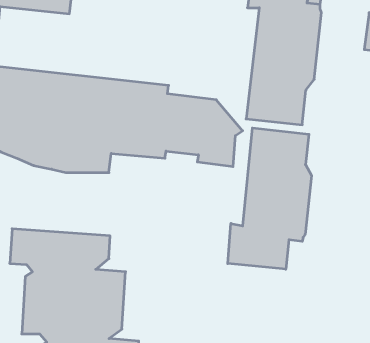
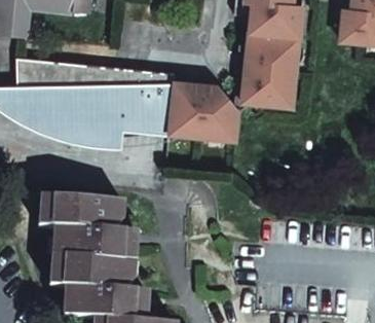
building: [228,128,312,269] -> none

